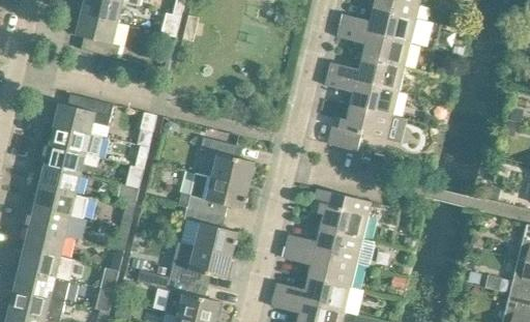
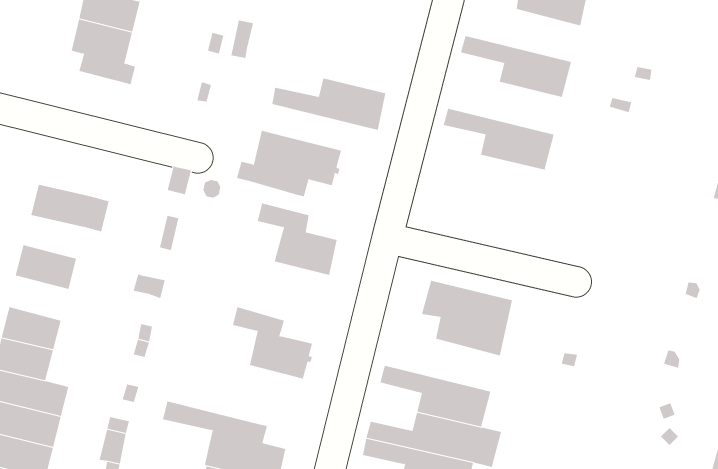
building: [338,8,416,43] -> none
building: [327,57,404,92] -> [272,78,386,130]
building: [54,94,113,134] -> none
building: [327,106,392,151] -> none
building: [43,146,98,175] -> none
building: [178,173,248,217] -> [236,130,342,197]
building: [34,186,87,219] -> none
building: [285,229,375,266] -> none
building: [169,246,231,286] -> none

